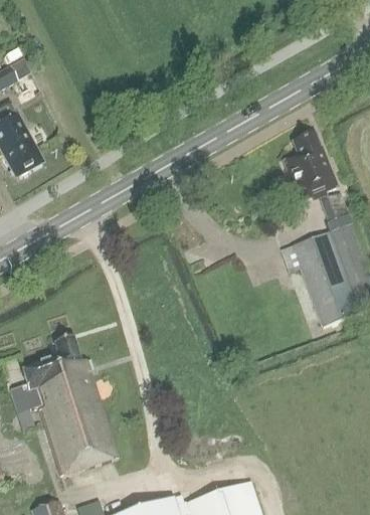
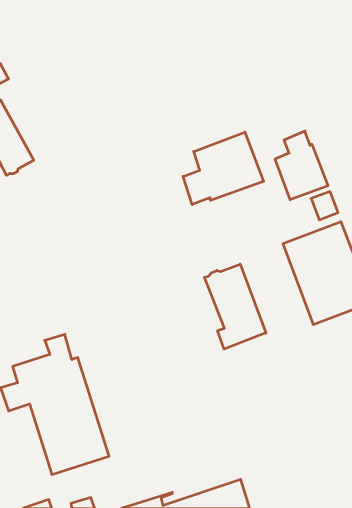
building: none -> [183,132,264,205]
building: none -> [204,264,266,349]

